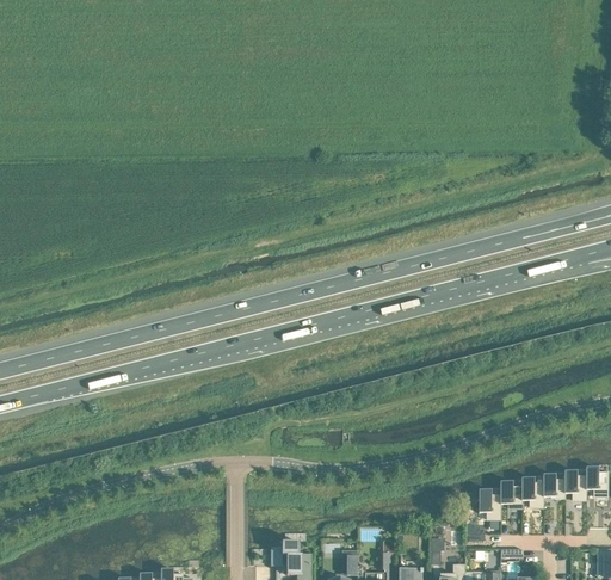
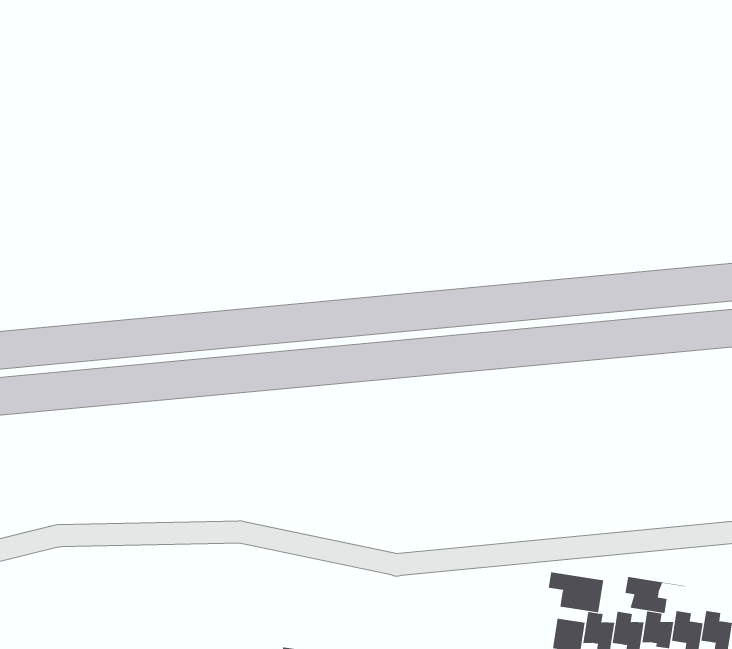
building: none -> [625,576,685,614]
building: none -> [548,571,604,613]

